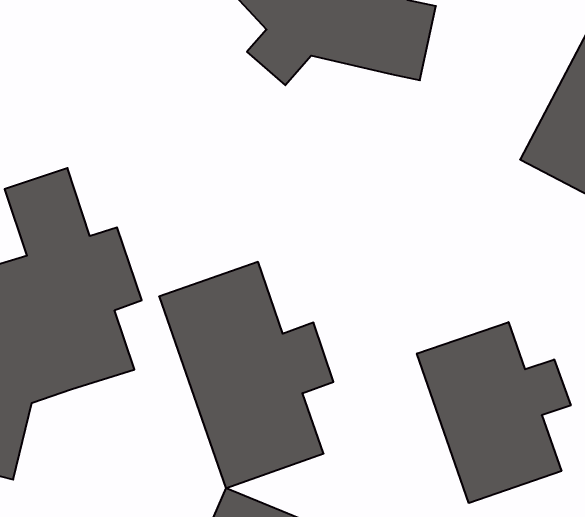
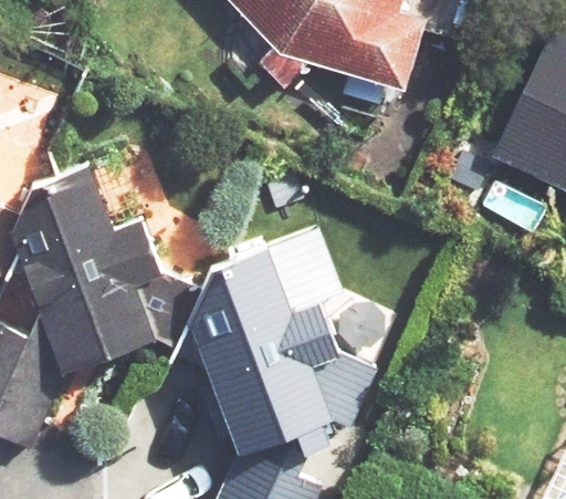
building: [417,322,571,503] -> none

